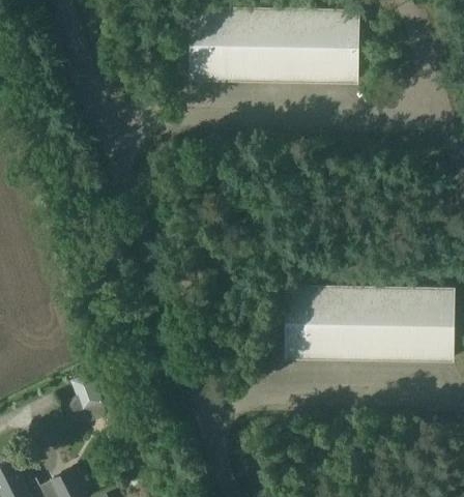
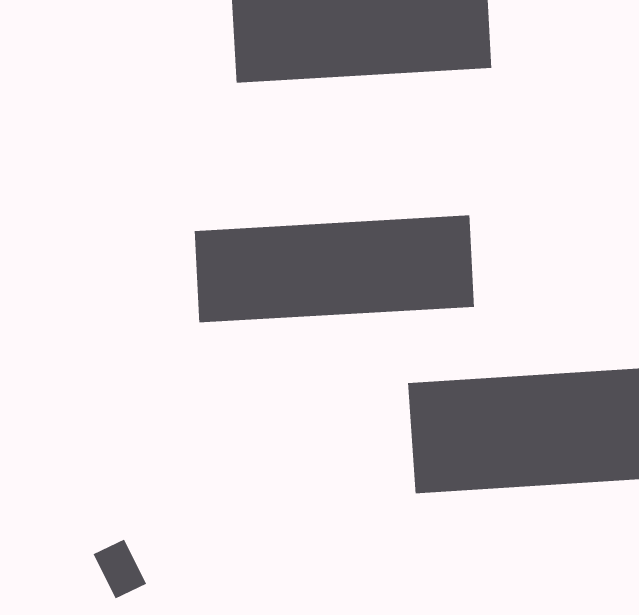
building: none -> [194,215,475,323]

